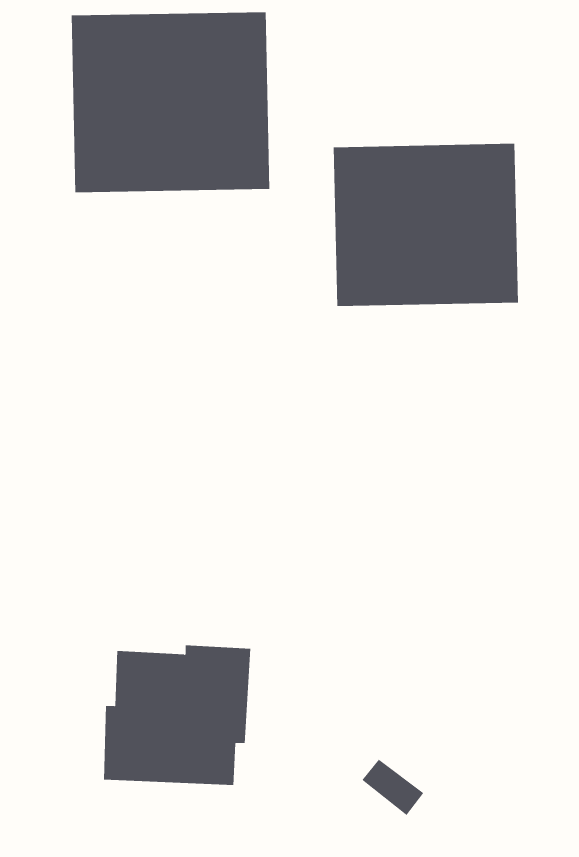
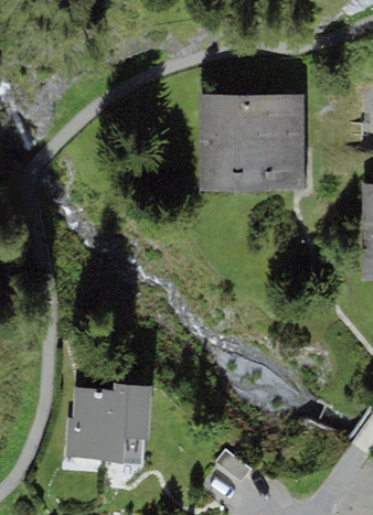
building: [71,11,270,193] -> none

